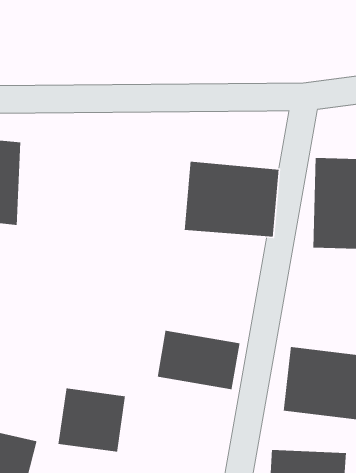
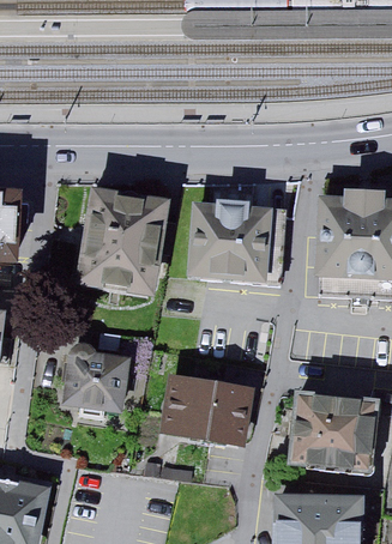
building: none -> [84,192,164,285]
building: [58,388,126,453] -> [62,345,132,411]

